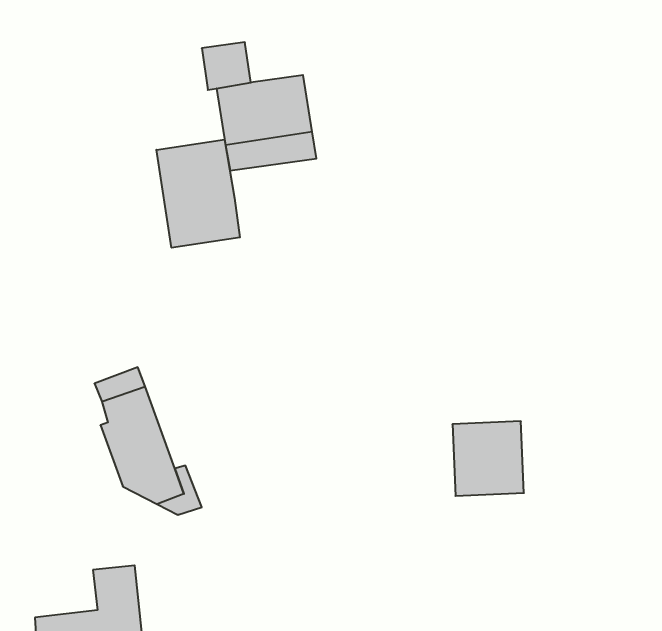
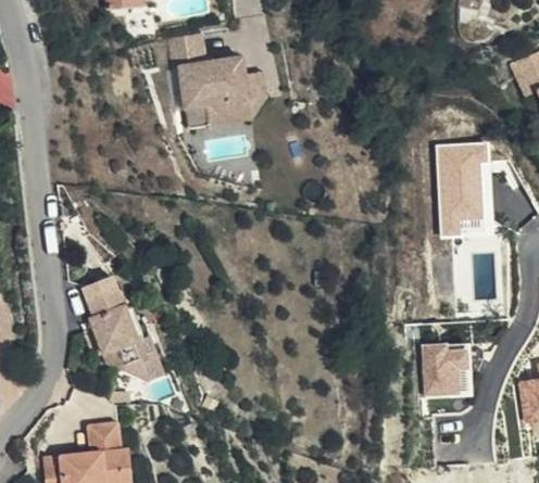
building: [156,139,240,248] -> none
building: none -> [436,138,490,233]
building: [452,421,524,496] -> [422,340,474,394]

